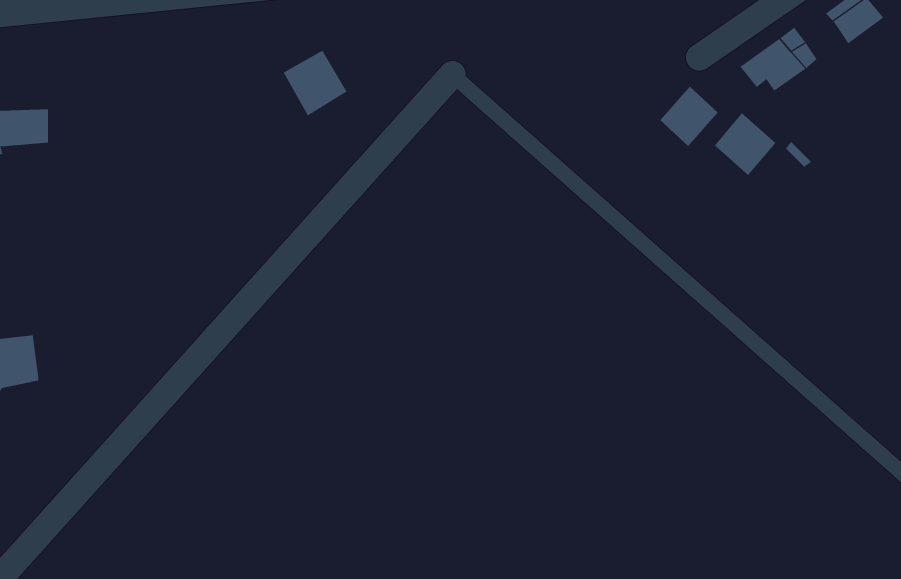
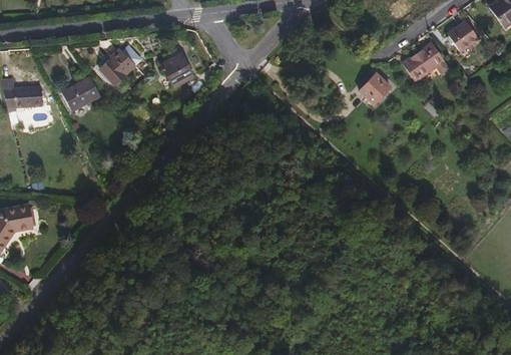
building: none -> [99,49,137,86]
building: none -> [59,77,99,110]
building: [714,113,776,176] -> none

